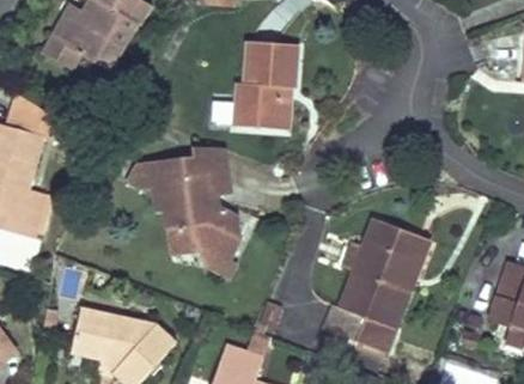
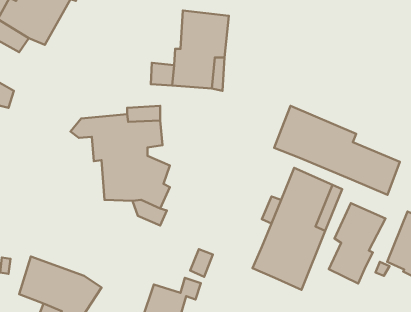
building: none -> [274,106,400,195]
building: none -> [329,203,385,283]

